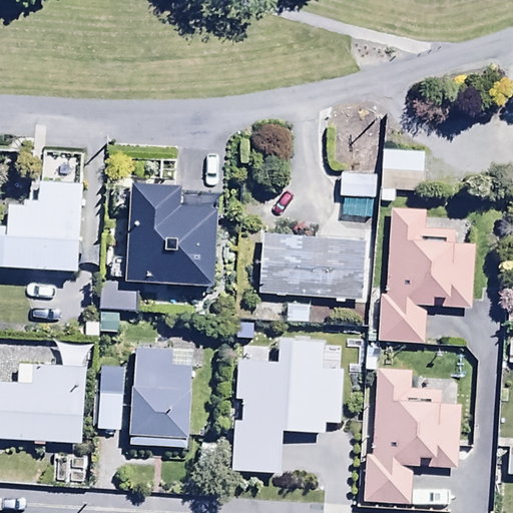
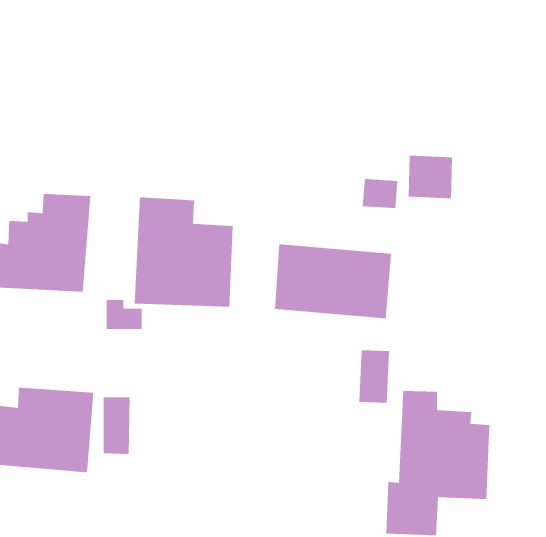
building: [377,206,475,340] -> none
building: [129,342,200,447] -> none
building: [253,348,317,463] -> none

